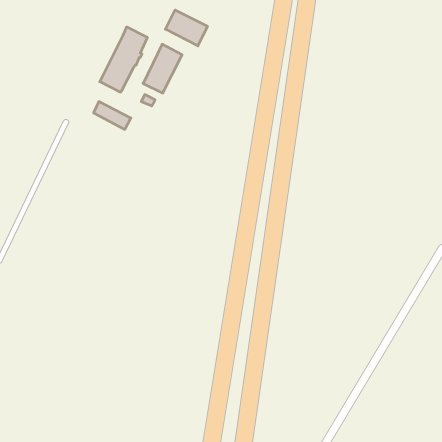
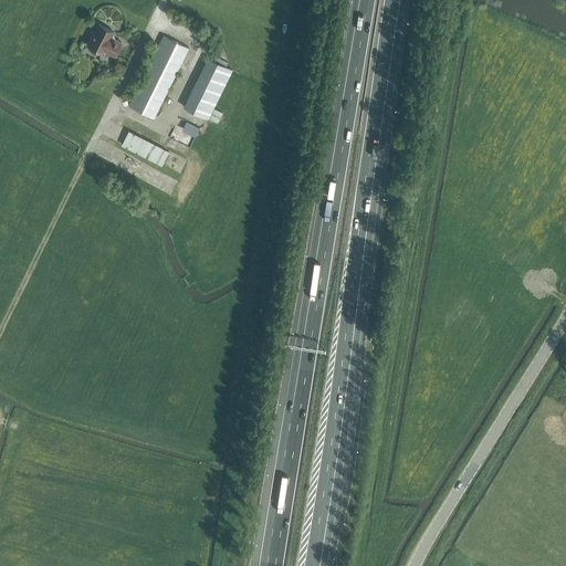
building: [165,10,207,46] -> none
building: none -> [85,25,119,56]

